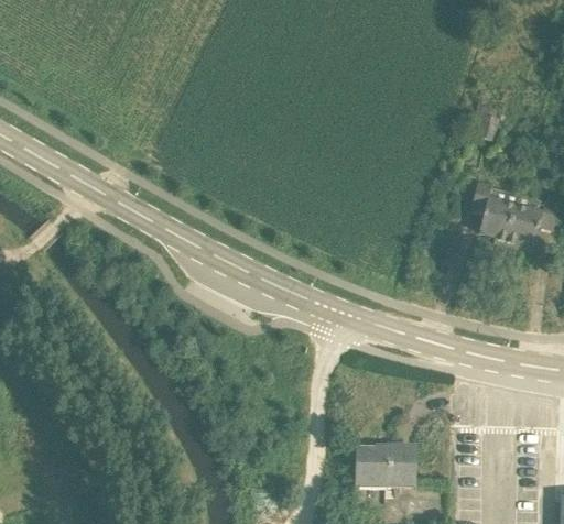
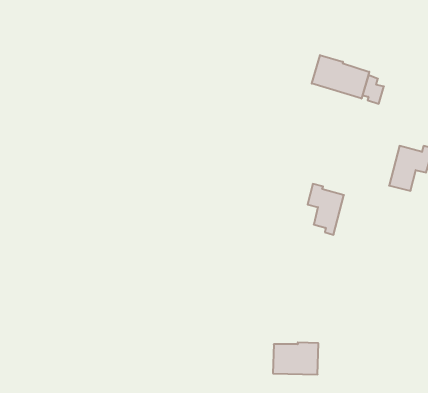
building: none -> [312,55,369,99]
building: [471,181,518,245] -> [308,184,344,235]

